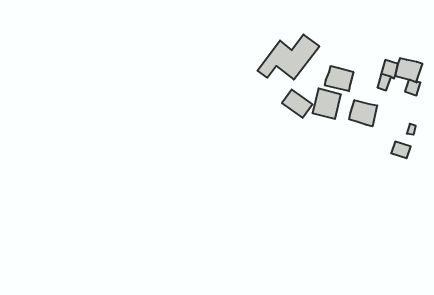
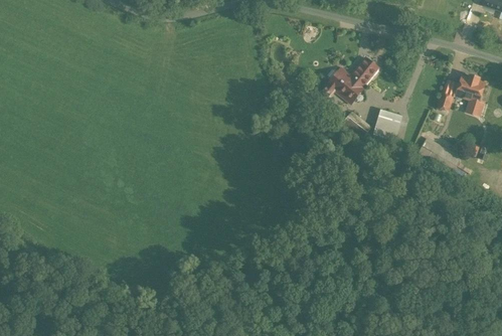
building: [325,66,353,91] -> none
building: [349,100,377,126] -> none

